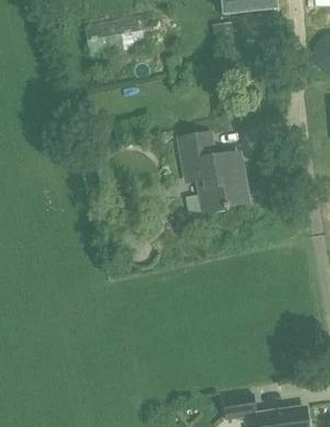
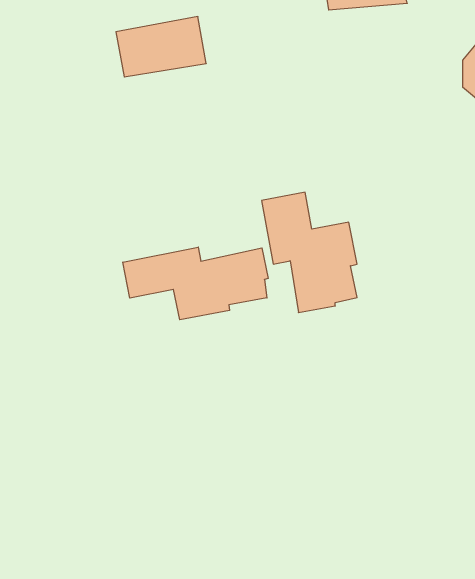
building: none -> [123,247,268,320]

